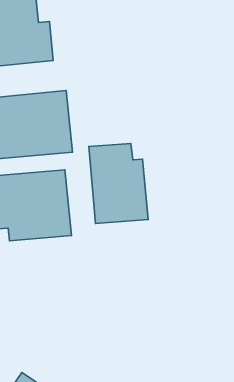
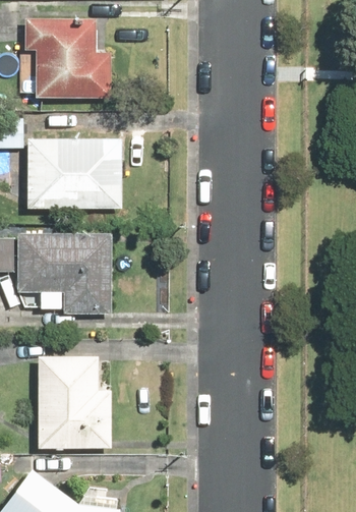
building: [89,143,148,223] -> none
building: none -> [36,354,111,450]

